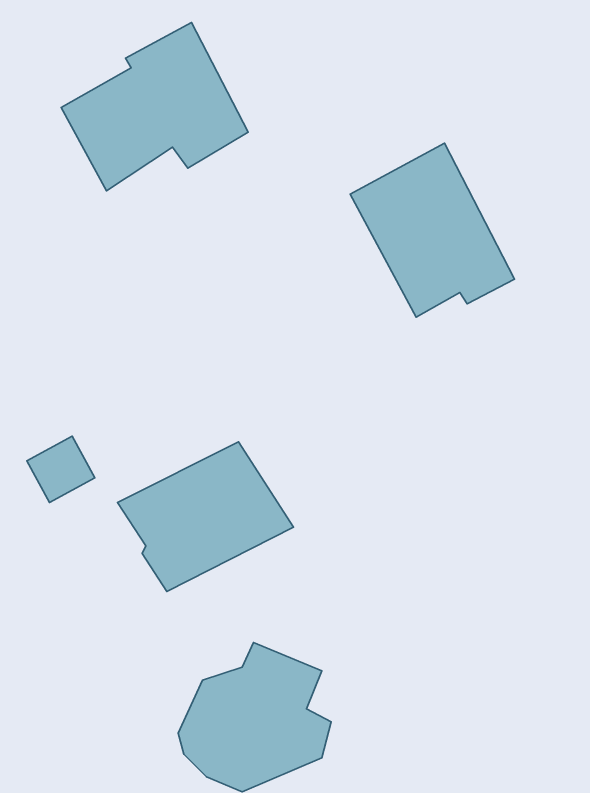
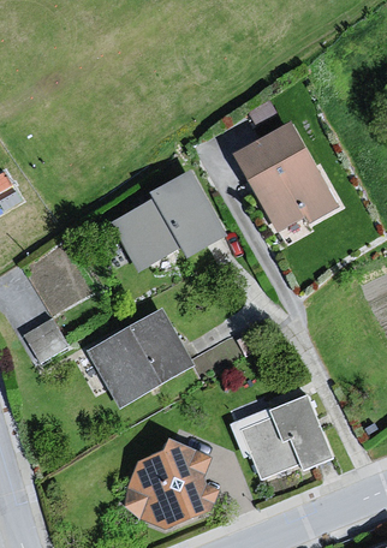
building: [61,22,248,191] -> [108,169,227,276]
building: none -> [227,397,335,482]

